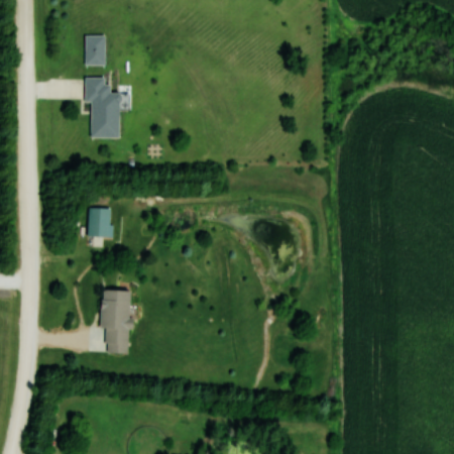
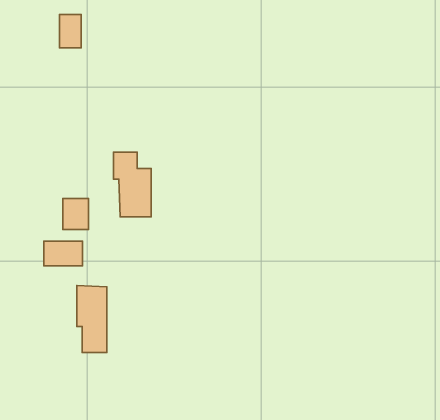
building: [85,78,120,138] -> [114,152,151,217]
building: none -> [44,241,83,266]

